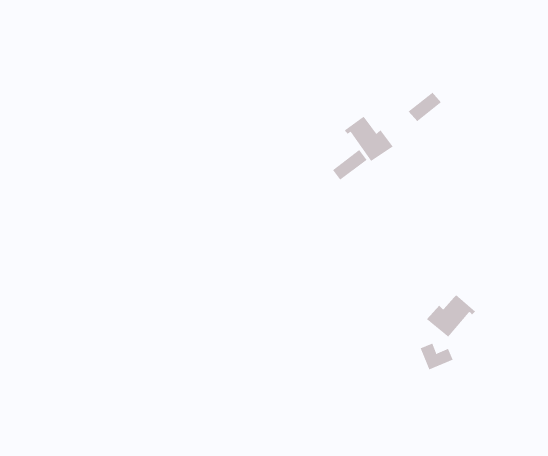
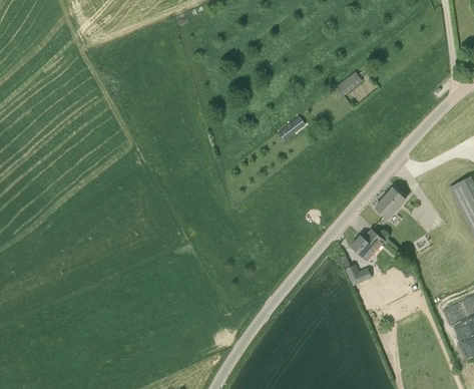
building: [344,116,394,162] -> none
building: none -> [375,186,406,219]

